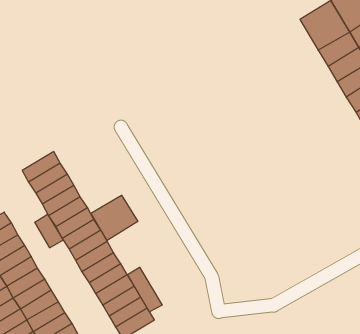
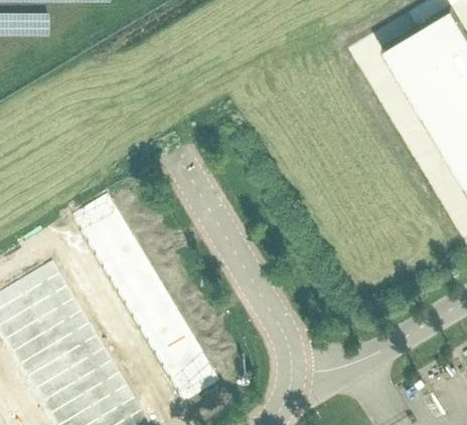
building: [91,195,138,241] -> none
building: [35,214,63,248] -> none
building: [128,267,162,312] -> none

